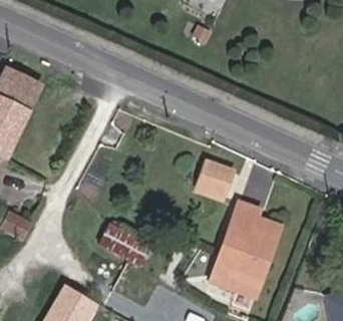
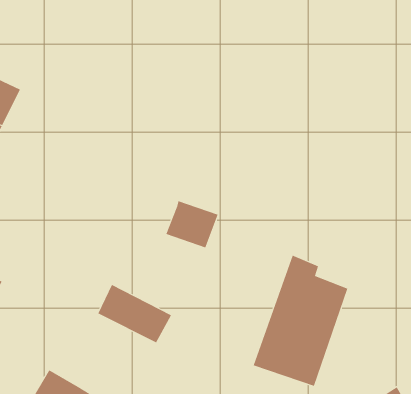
building: [195,157,233,192] -> [165,200,219,248]

